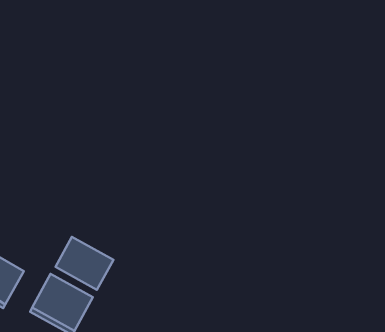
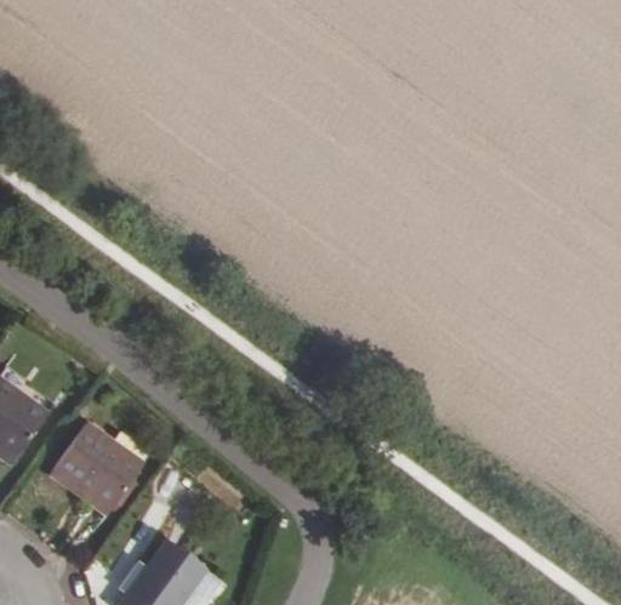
building: [55,237,113,290] -> none

